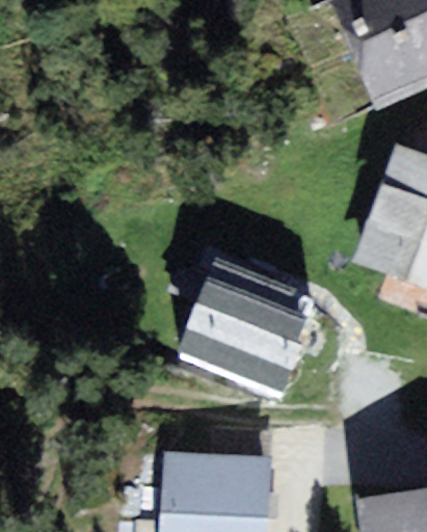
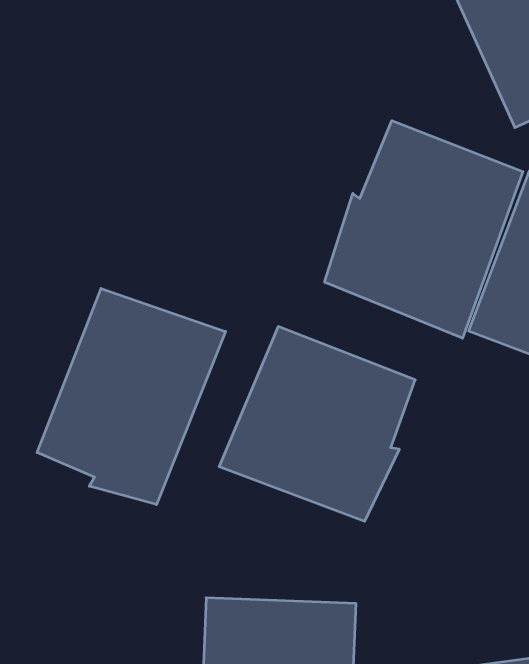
building: none -> [325,121,523,338]
building: none -> [37,288,226,505]

